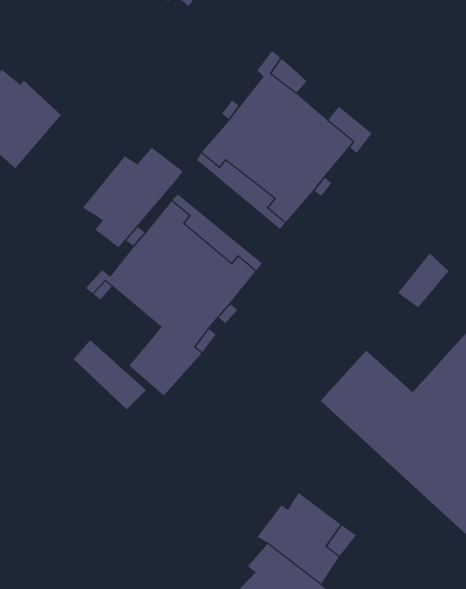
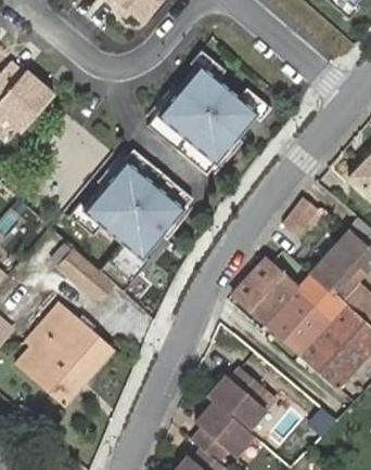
building: [82,147,184,248] -> none
building: none -> [20,309,117,406]

